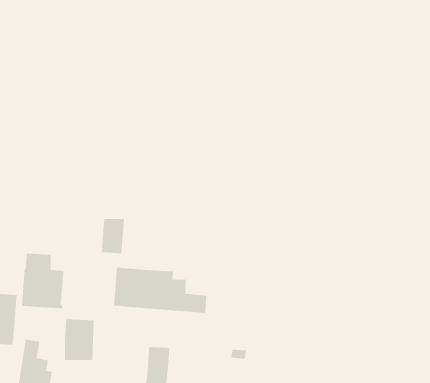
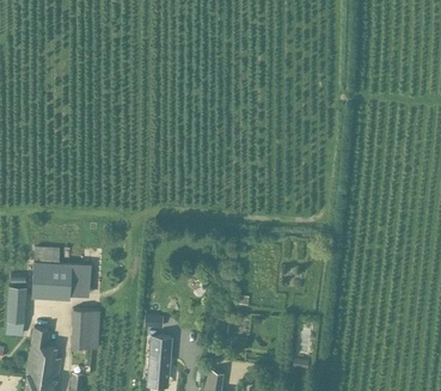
building: [101,219,125,254] -> [68,264,91,298]
building: [113,267,207,314] -> none

